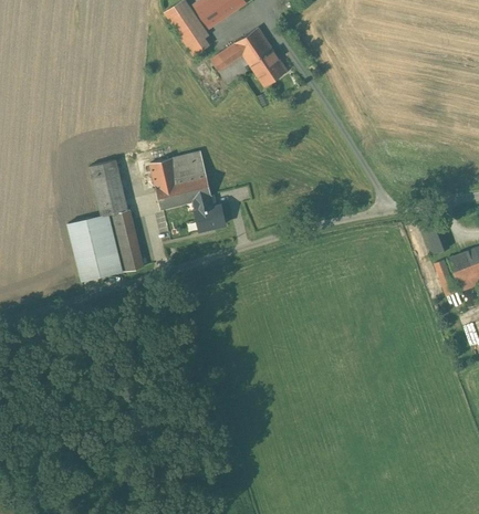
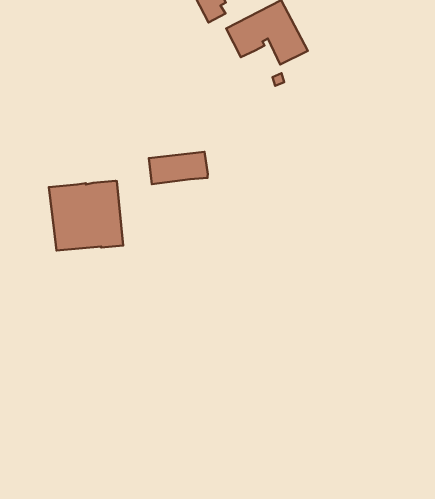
building: [149,153,205,187] -> none
building: [88,161,127,218] -> none
building: [195,197,225,231] -> none

